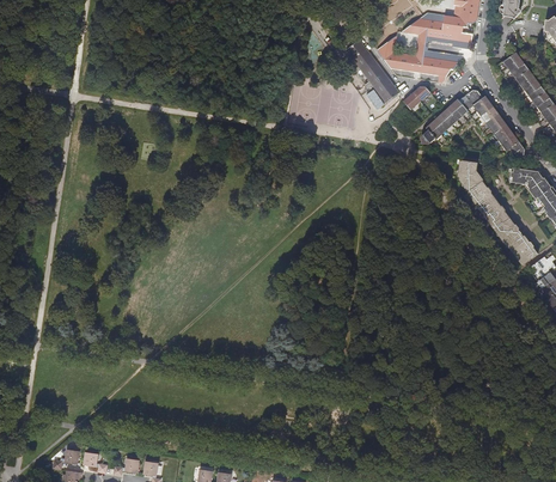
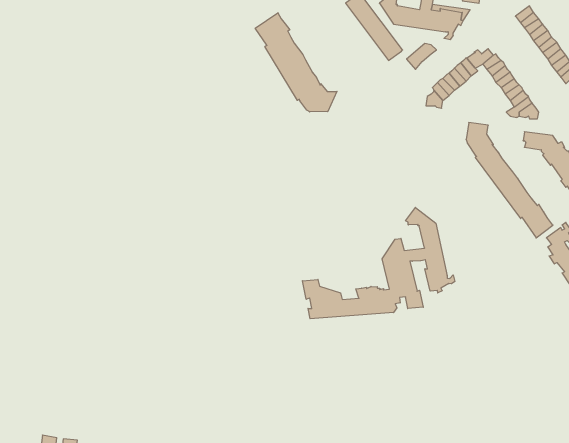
building: none -> [255,13,337,112]
building: none -> [302,207,455,319]

